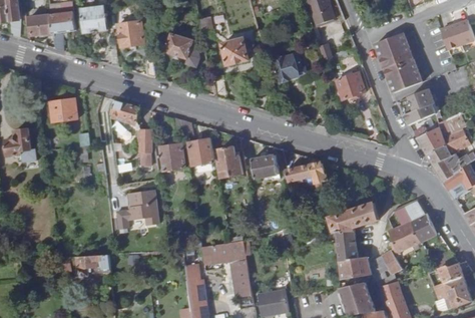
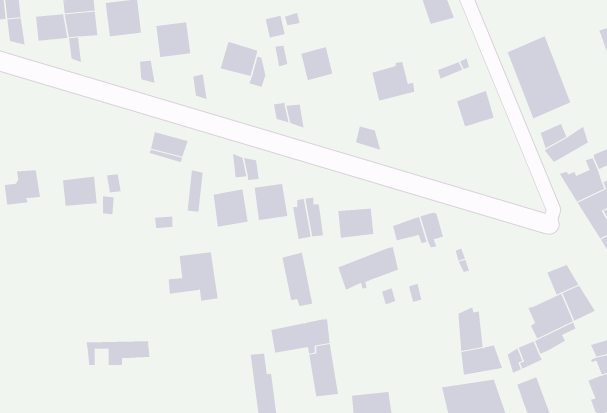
building: [50,98,76,120] -> [62,176,98,206]
building: none -> [282,252,313,307]
building: [332,203,377,235] -> [337,247,399,290]

